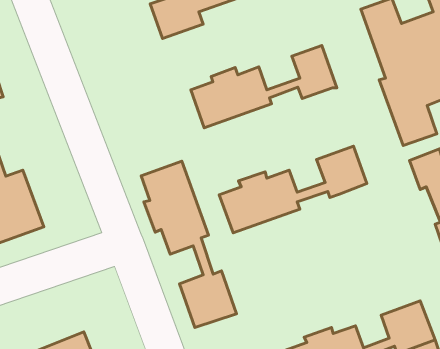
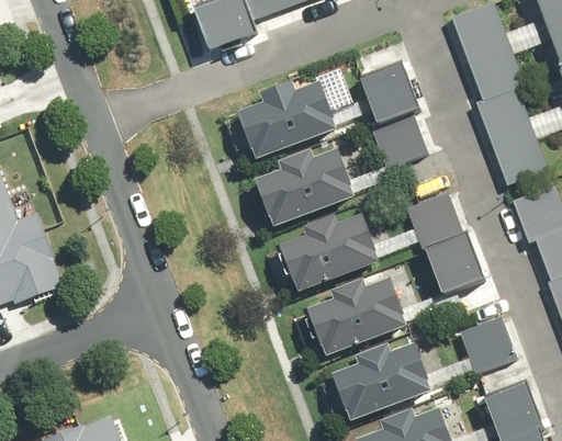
building: none -> [261,113,431,227]
building: [141,161,236,328] -> none
building: none -> [307,230,487,354]
building: none -> [331,312,515,420]

